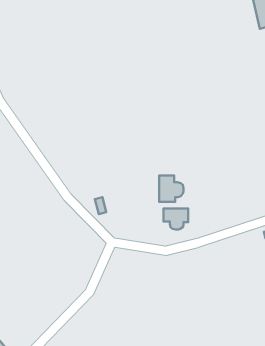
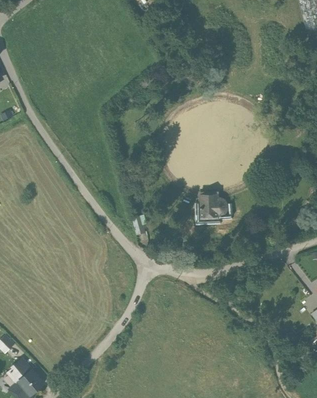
building: [164,208,188,230] -> none

